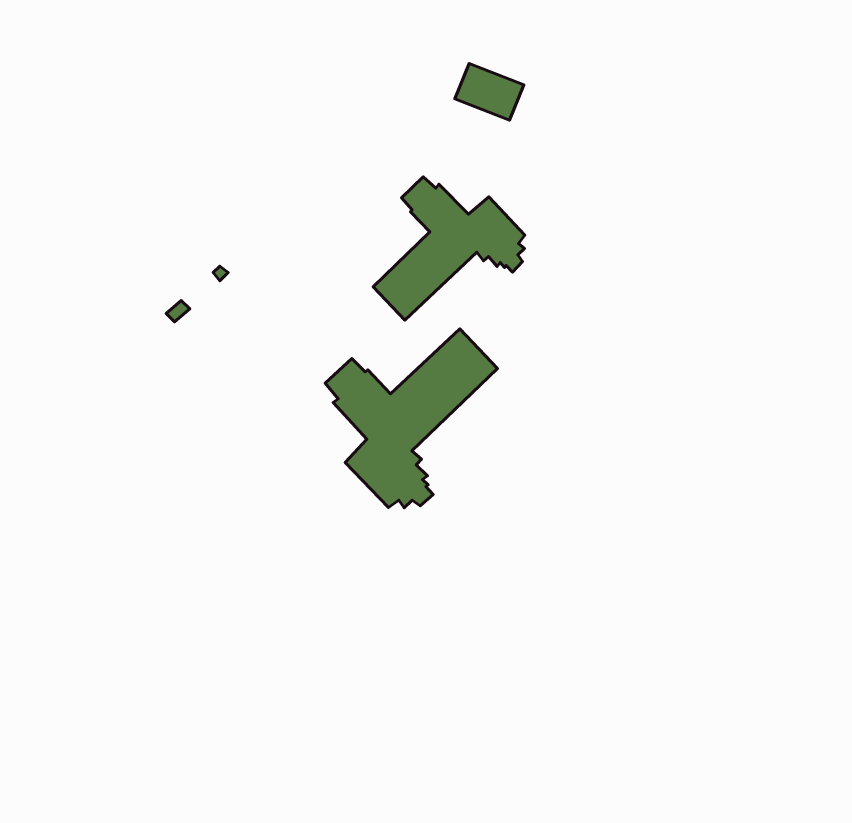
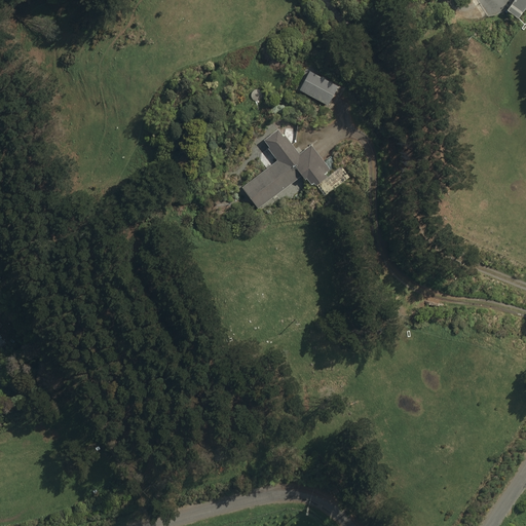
building: [325,329,498,508] -> none

